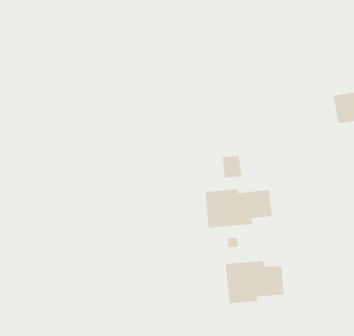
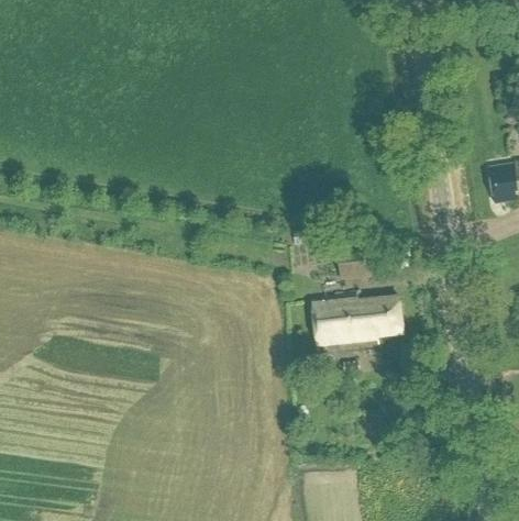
building: [225,260,284,304] -> none

